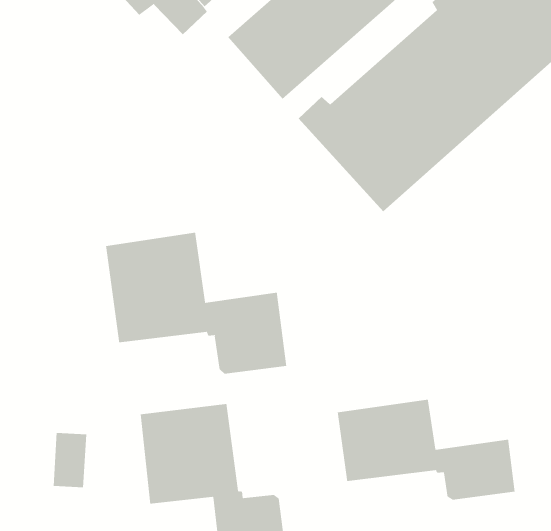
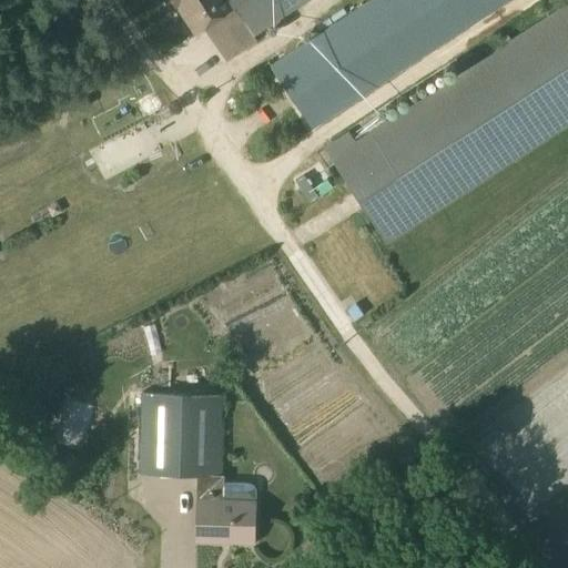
building: [106,232,287,375] -> none
building: [337,399,515,500] -> none

